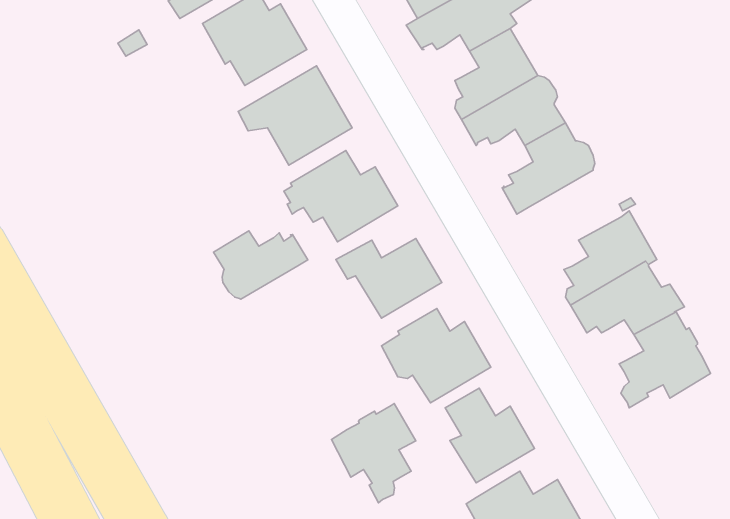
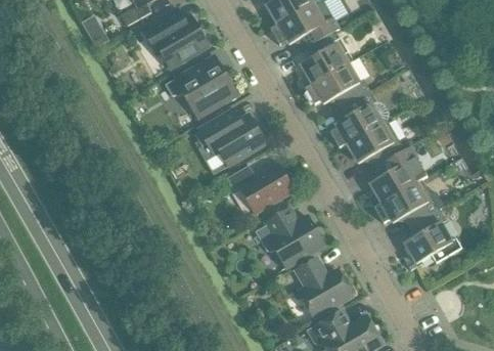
building: none -> [347,120,405,164]
building: [214,231,308,299] -> none
building: [331,404,416,503] -> none

